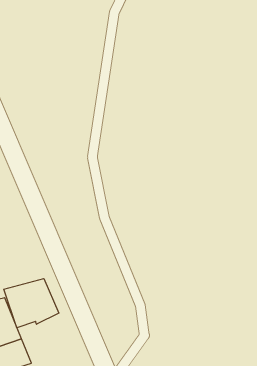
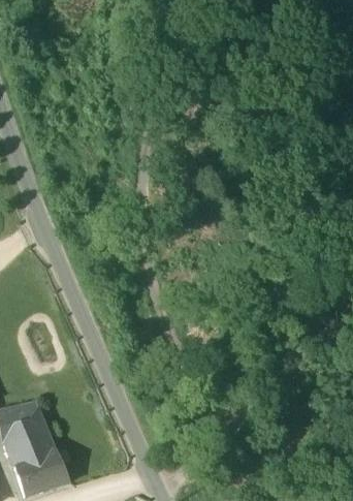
building: [4,279,59,328] -> none

